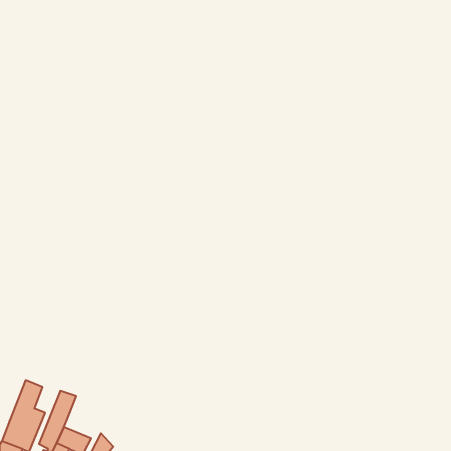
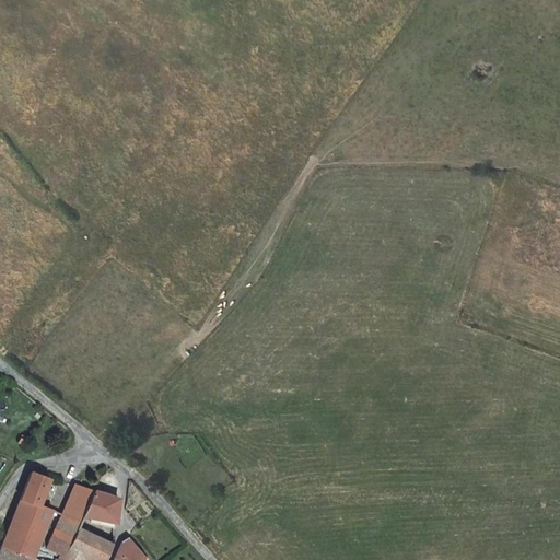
building: none -> [84,491,119,524]

